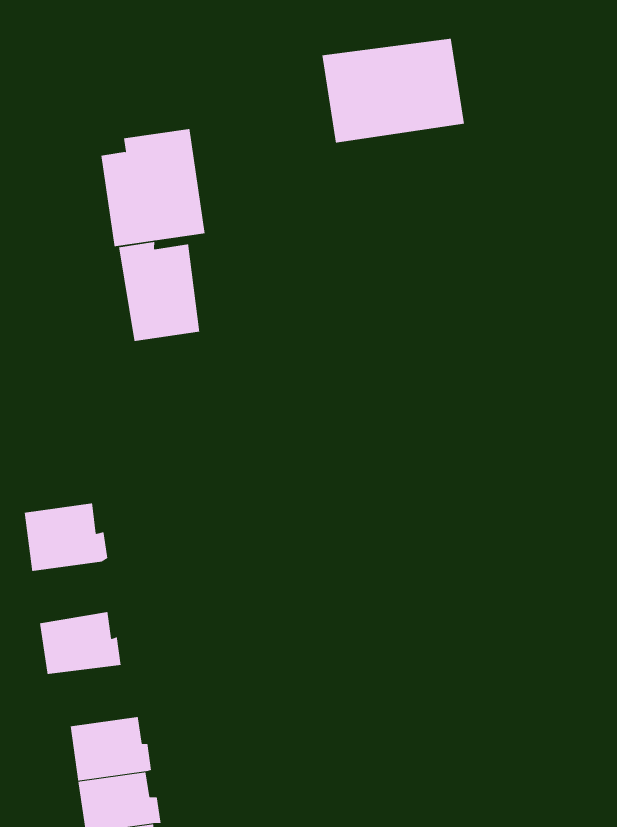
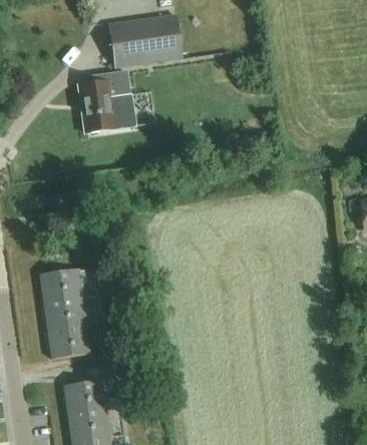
building: [322,38,465,143] -> [107,13,182,68]
building: [119,241,200,342] -> none
building: none -> [44,300,88,332]

